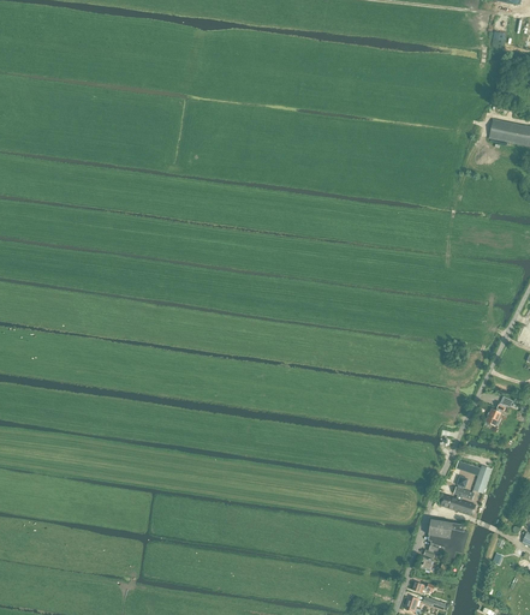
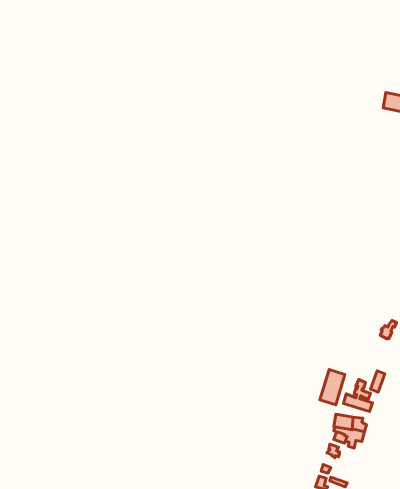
building: none -> [320,369,345,405]

